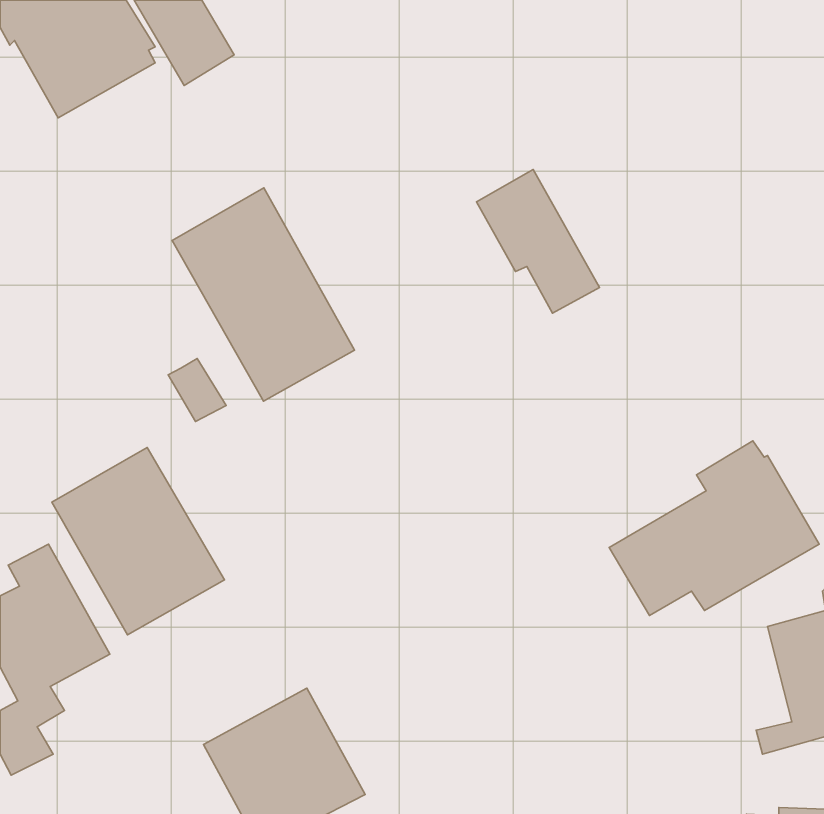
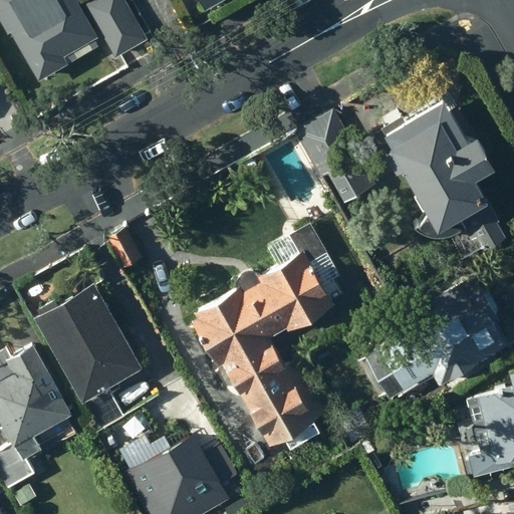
building: none -> [381,111,502,245]
building: [172,188,354,401] -> none
building: none -> [193,252,333,446]

